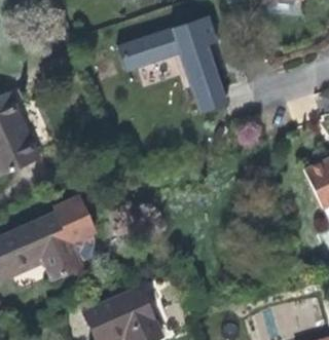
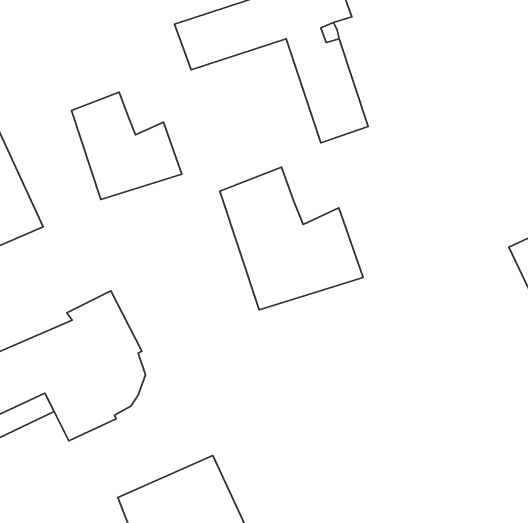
building: none -> [72,92,182,199]
building: none -> [220,167,363,310]

